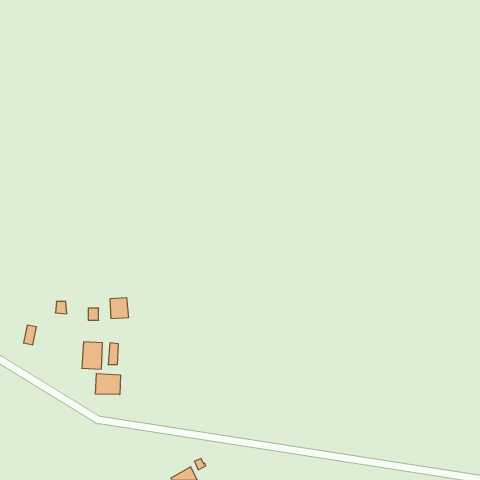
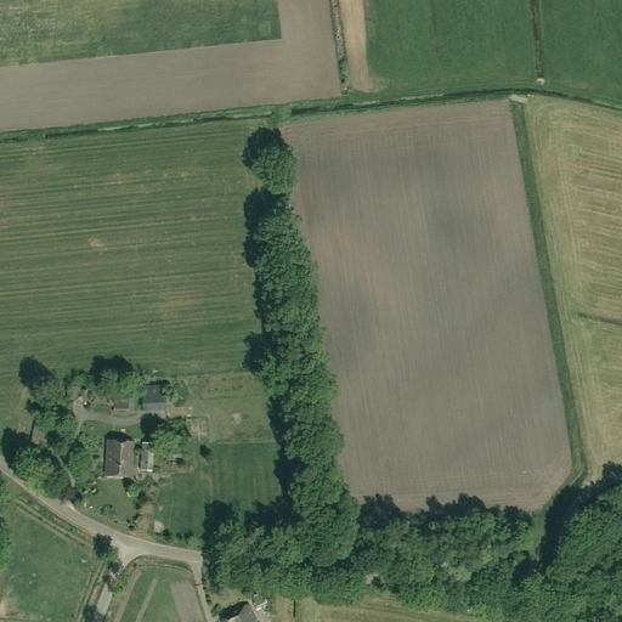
building: [96,373,121,395] -> none

